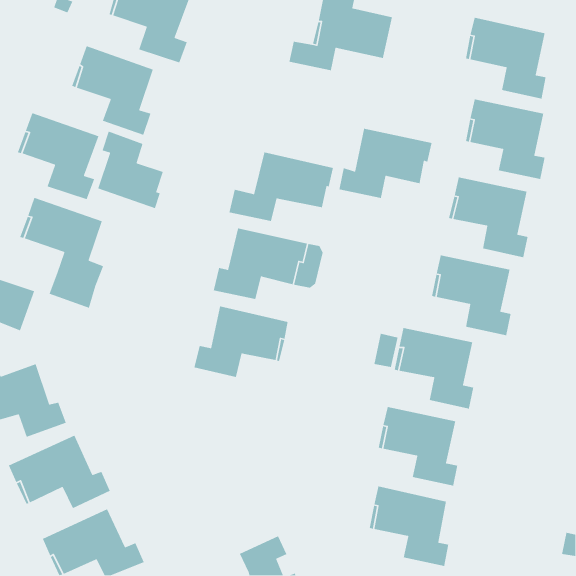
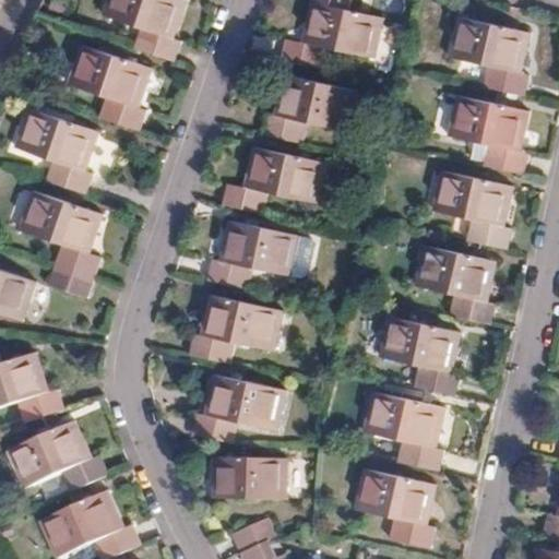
building: [339,128,433,199] -> [260,74,350,143]
building: [97,131,164,209] -> none
building: none -> [191,374,283,443]
building: none -> [214,454,285,498]

